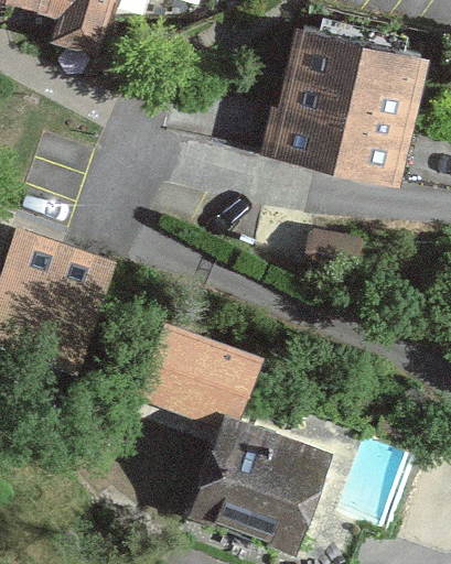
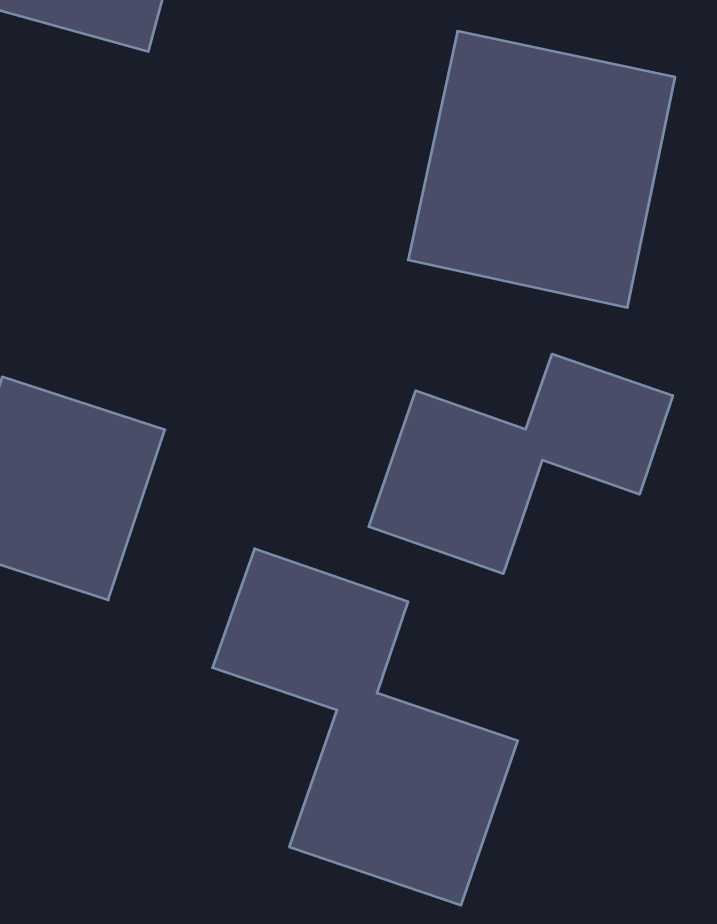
building: none -> [369,354,673,574]

